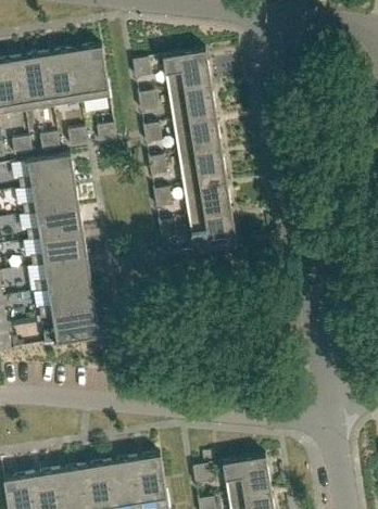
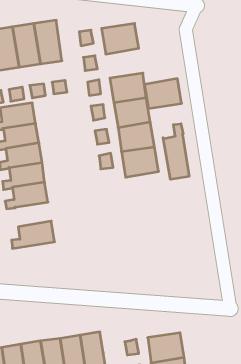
building: [167,81,216,120] -> [144,79,182,108]
building: none -> [163,124,189,179]
building: [39,283,96,318] -> none

